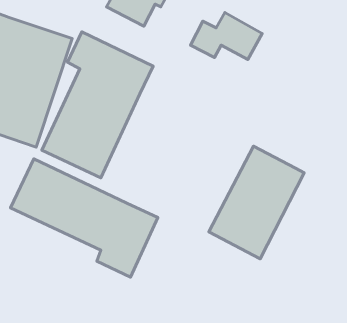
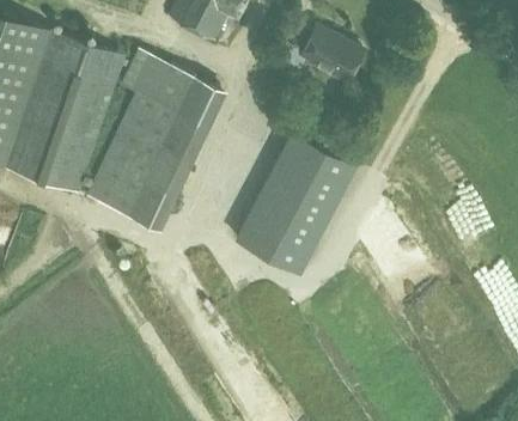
building: [209,146,304,259] -> [236,134,355,275]
building: [11,159,158,277] -> none

